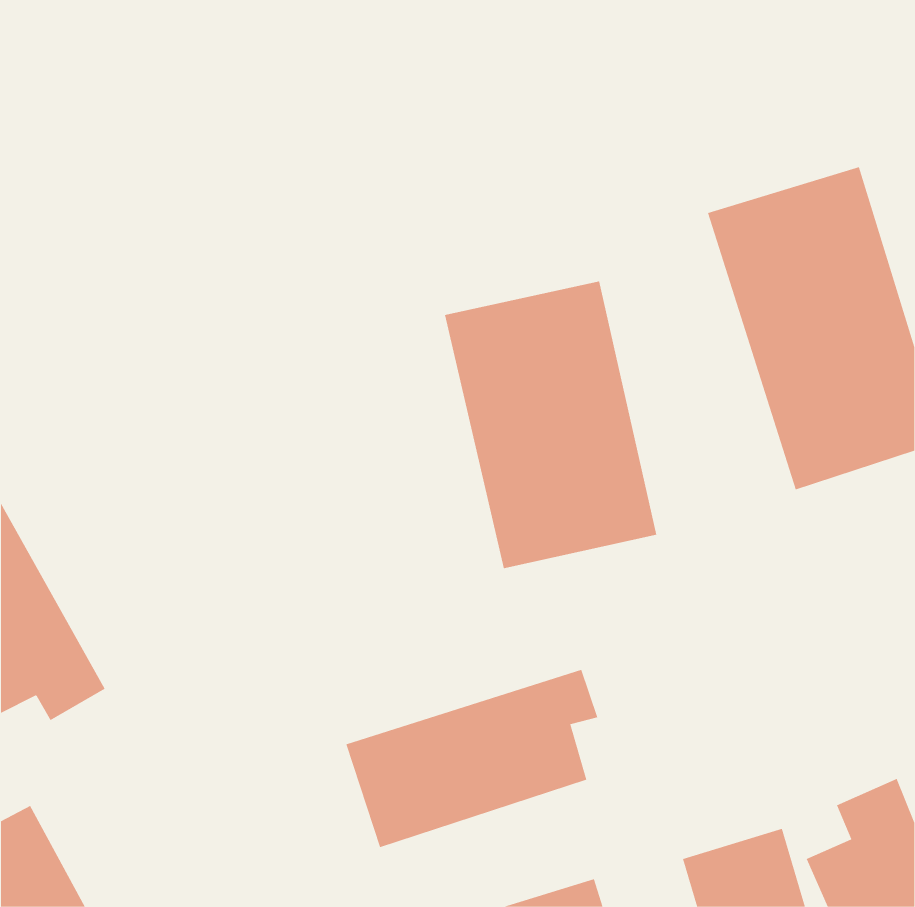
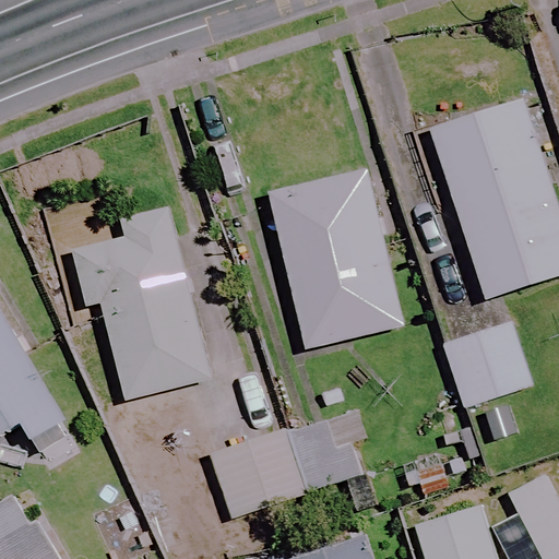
building: none -> [38,198,210,400]
building: none -> [443,321,532,408]

